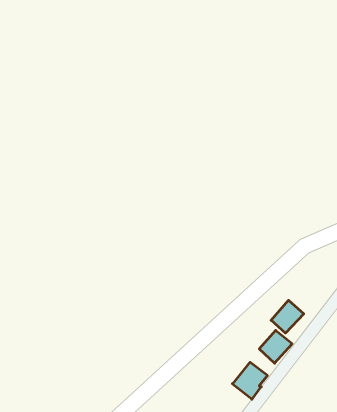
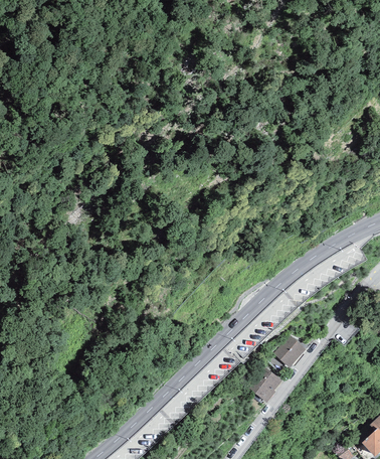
building: [271,300,304,333] -> none

